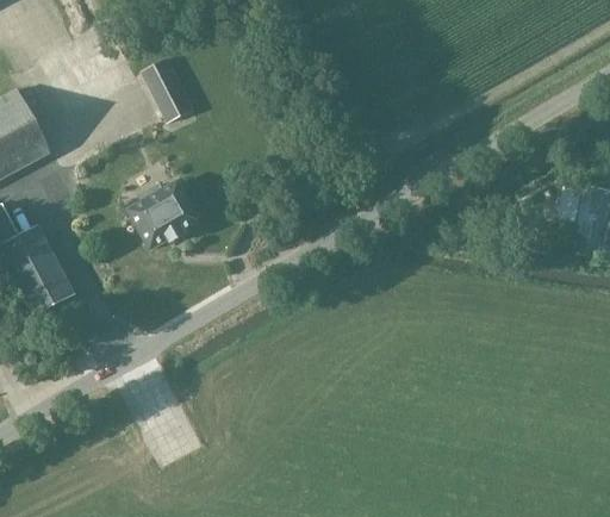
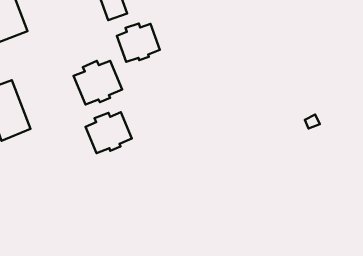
building: none -> [117,24,160,62]
building: none -> [86,112,132,153]

